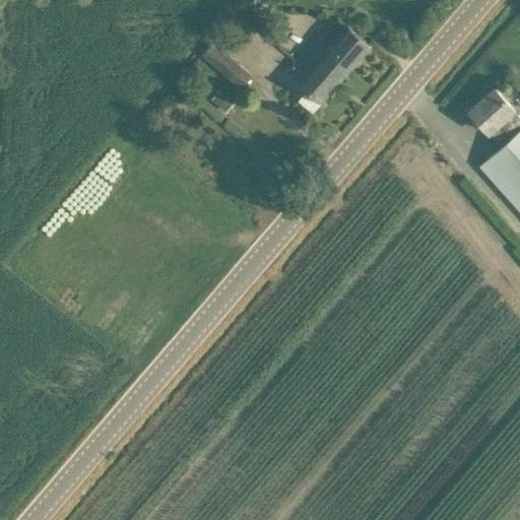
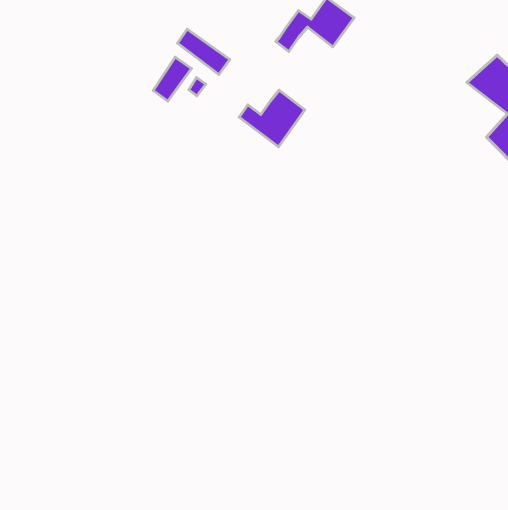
building: [285,52,347,105] -> [239,90,305,147]
building: none -> [153,57,192,101]

